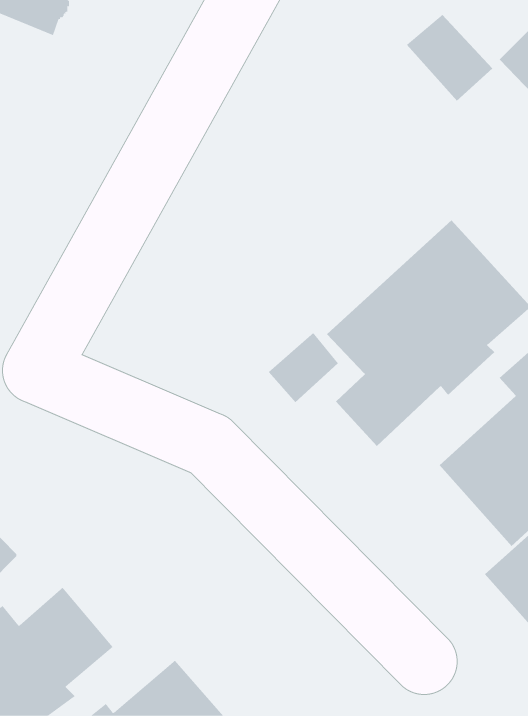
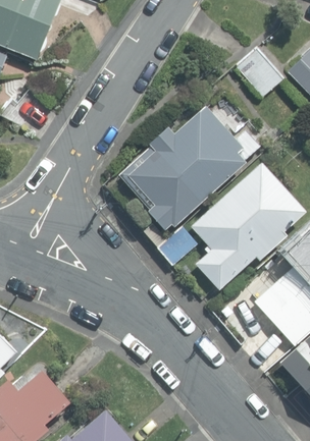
building: none -> [120,92,261,230]

